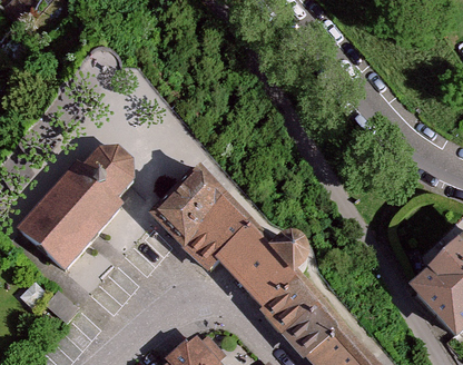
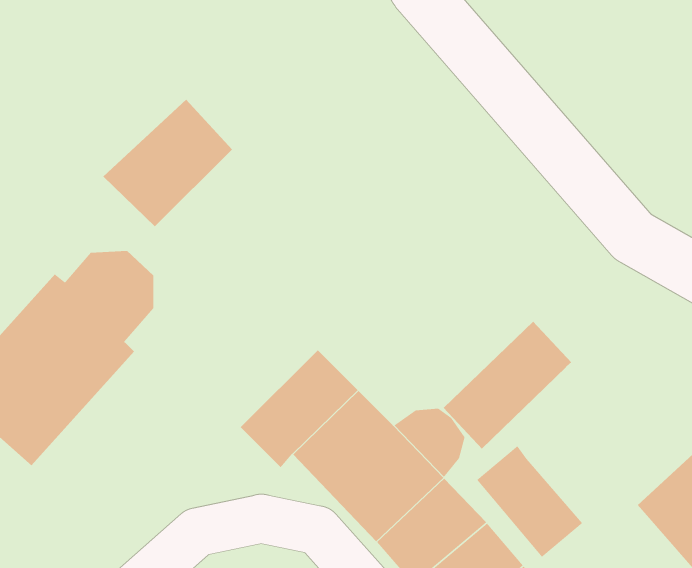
building: [154,172,228,246] -> [102,99,233,227]
building: none -> [443,321,572,450]
building: none -> [476,445,583,558]

